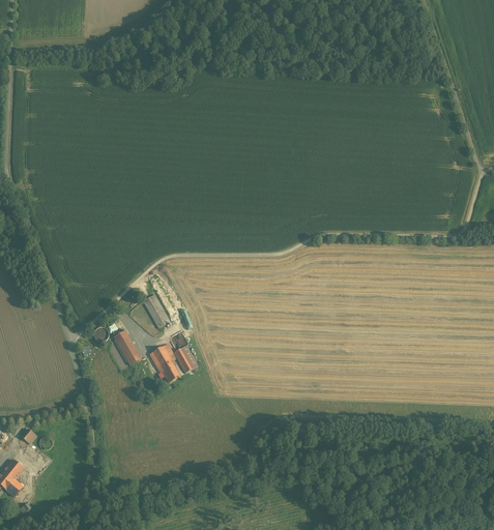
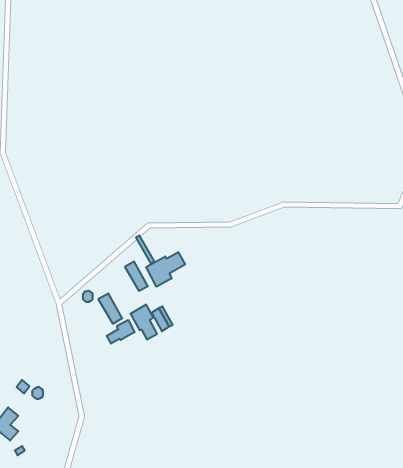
building: none -> [146,252,185,287]
building: none -> [107,320,135,344]

